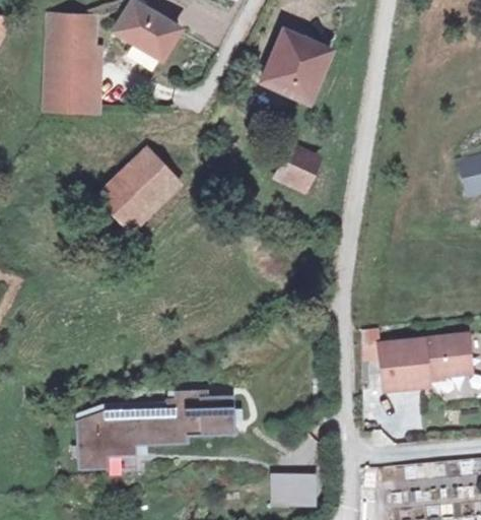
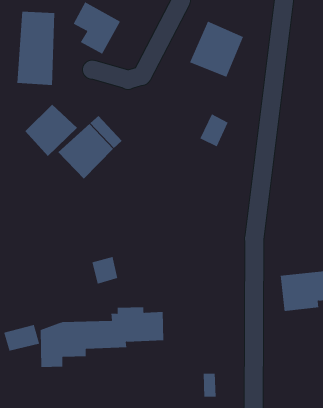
building: none -> [25,104,78,157]
building: none -> [92,256,118,284]
building: none -> [3,324,40,351]

